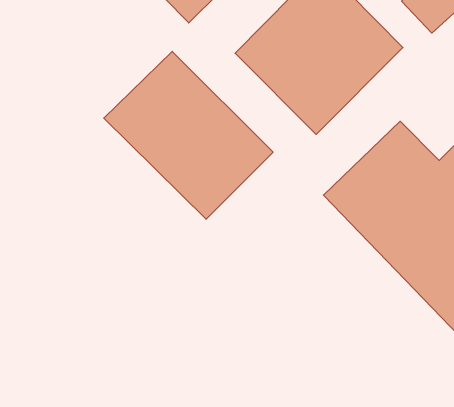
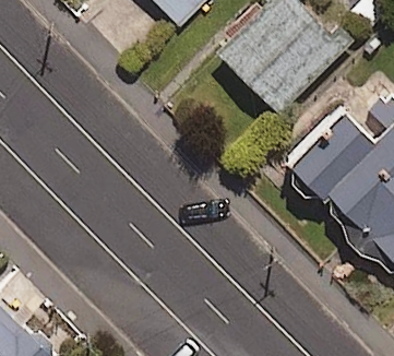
building: [104,51,273,219] -> none

